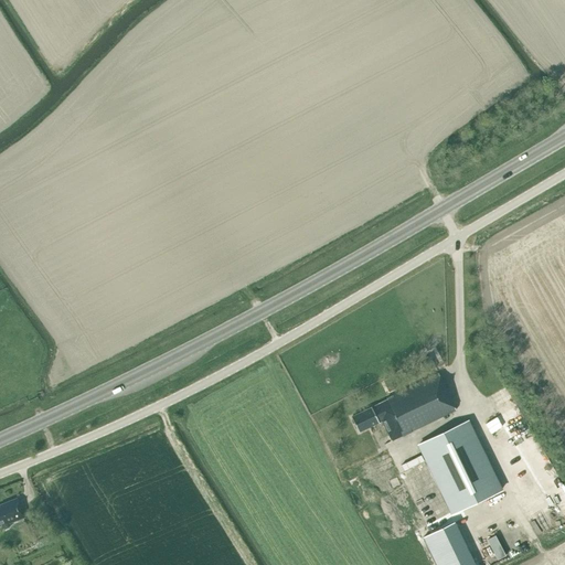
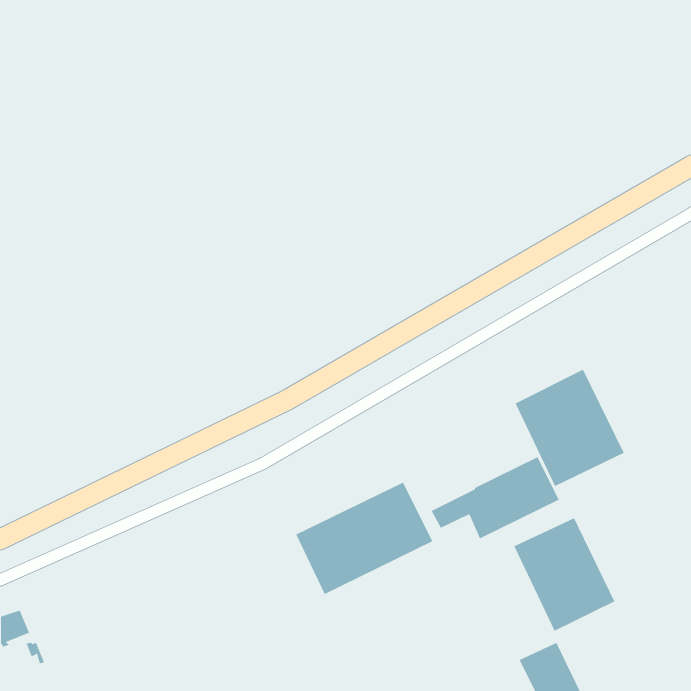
building: none -> [515,369,625,487]
building: none -> [296,482,433,595]

